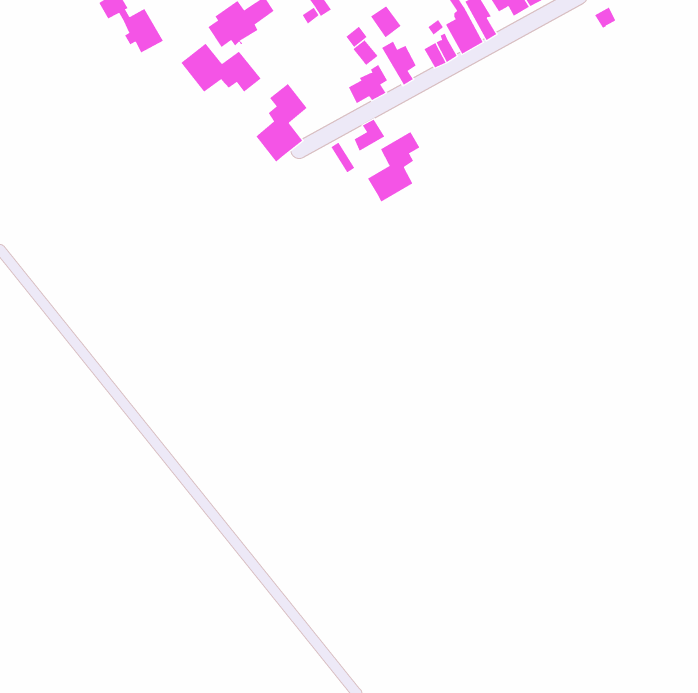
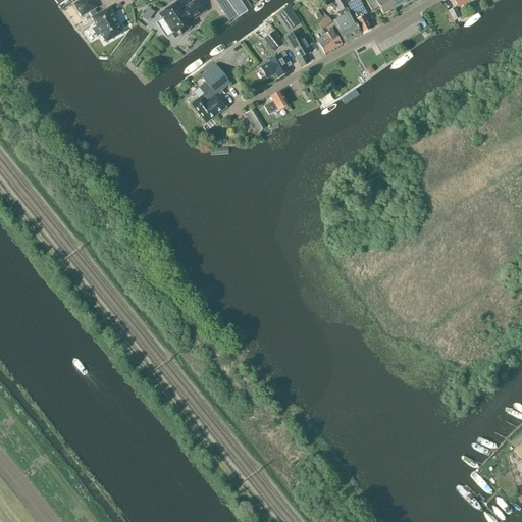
building: [180,43,261,93] -> none
building: [367,131,420,203] -> none

